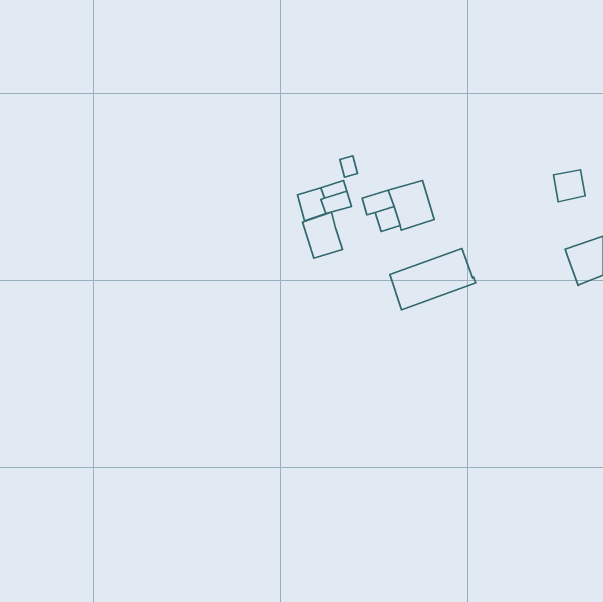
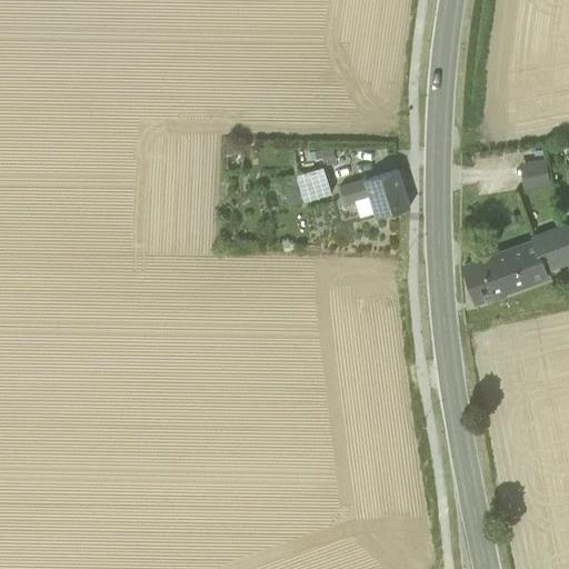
building: [303,212,343,258] -> none
building: [390,249,476,310] -> [467,242,548,300]

